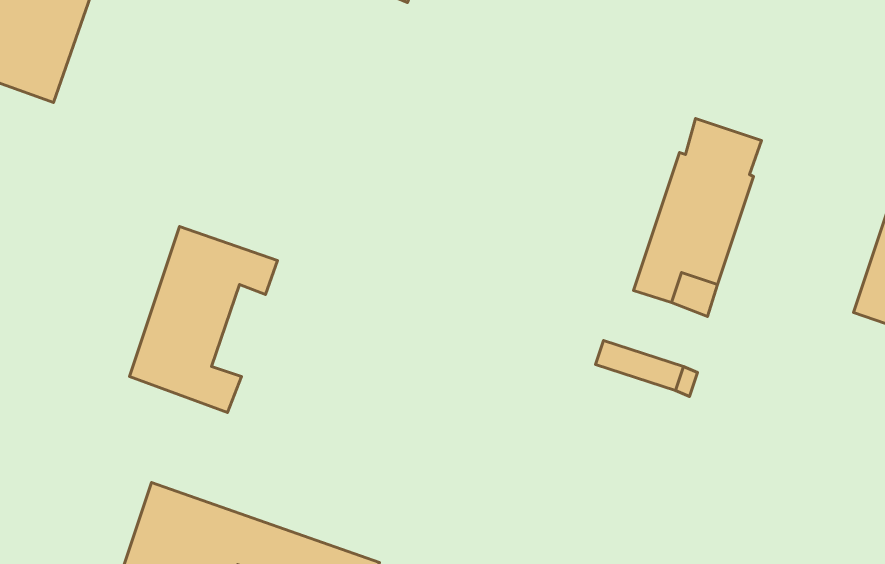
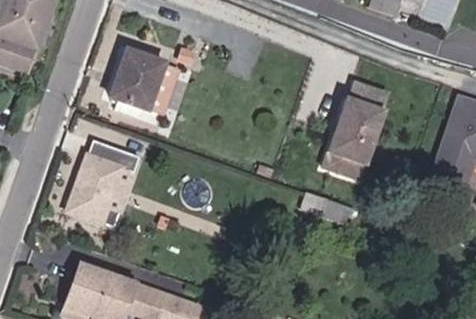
building: none -> [108,48,181,114]

